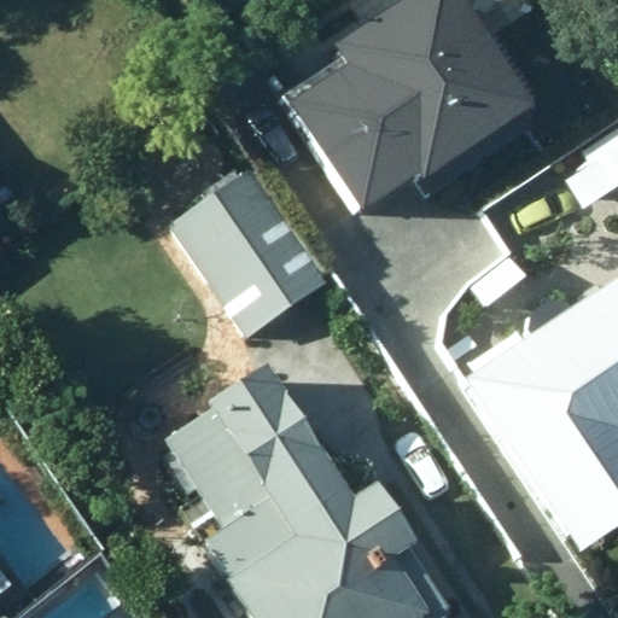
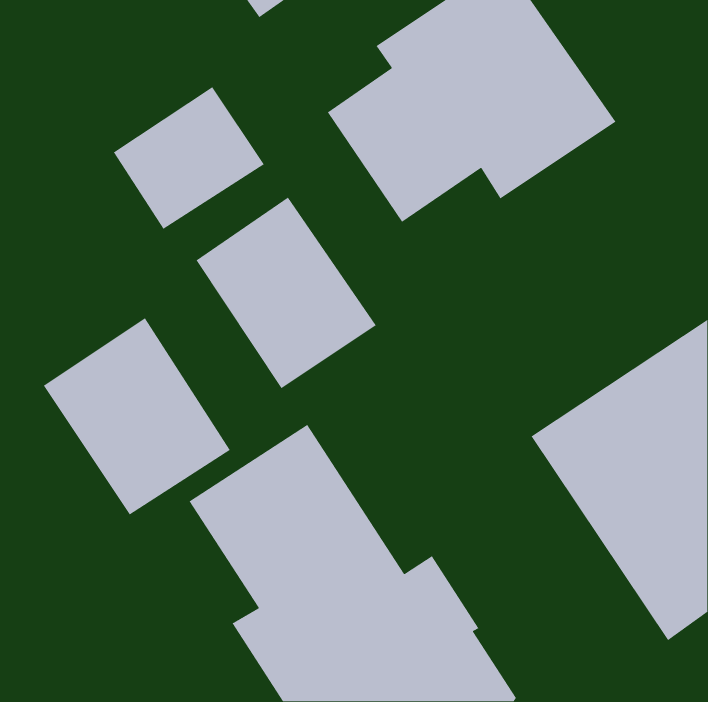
building: none -> [113,86,265,230]
building: none -> [43,317,231,516]

